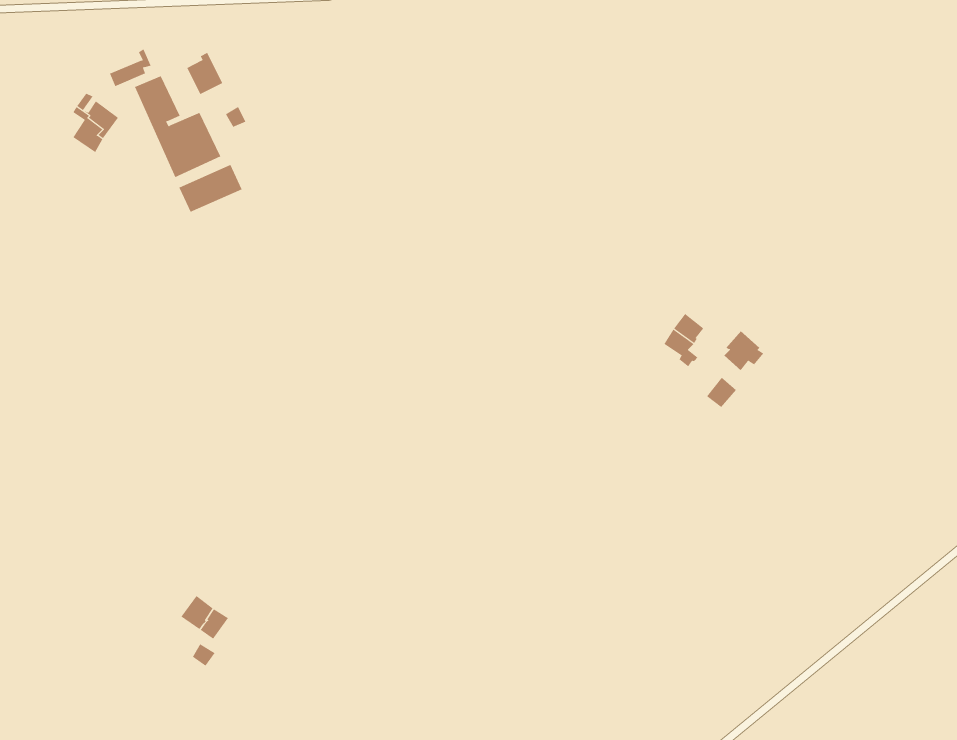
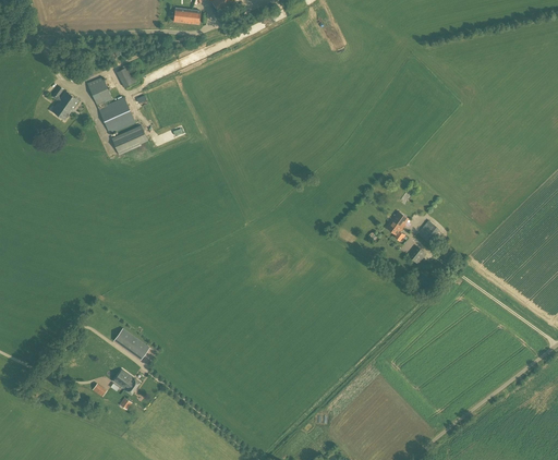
building: none -> [112,328,149,360]

